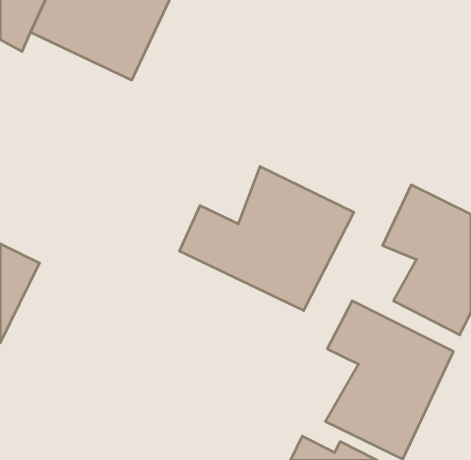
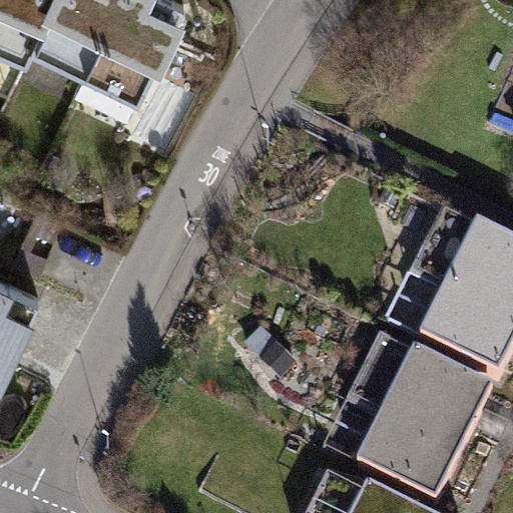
building: [180,166,354,311] -> none

